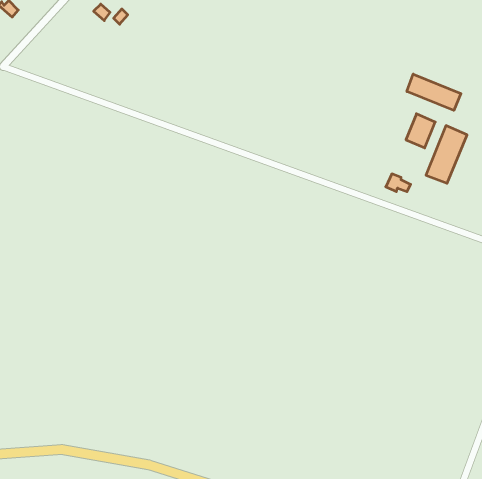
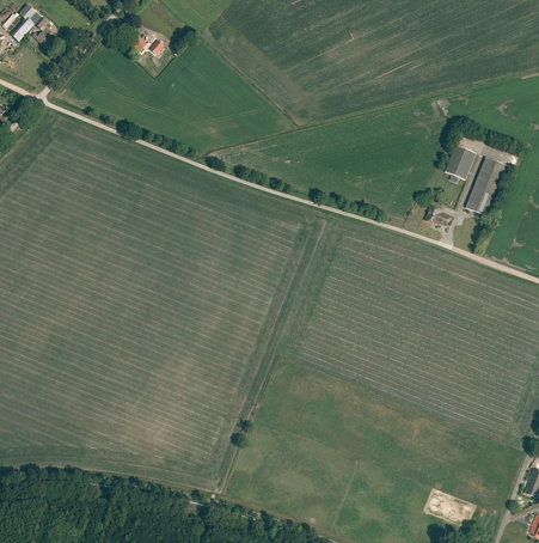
building: [407,74,461,110] -> none

